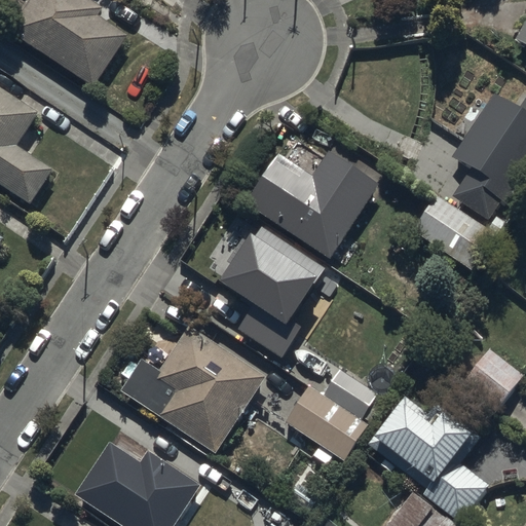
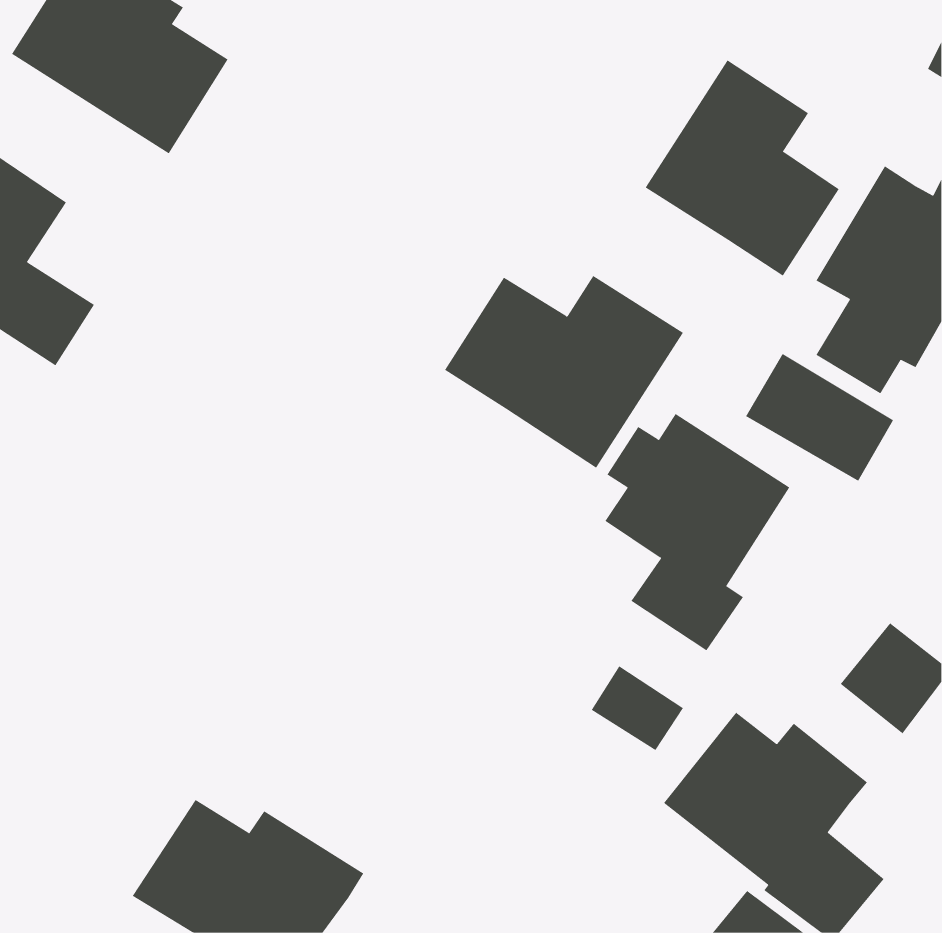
building: none -> [645,59,839,276]
building: [223,227,326,359] -> [604,413,790,651]
building: [118,327,264,453] -> none
building: [284,385,367,460] -> none

